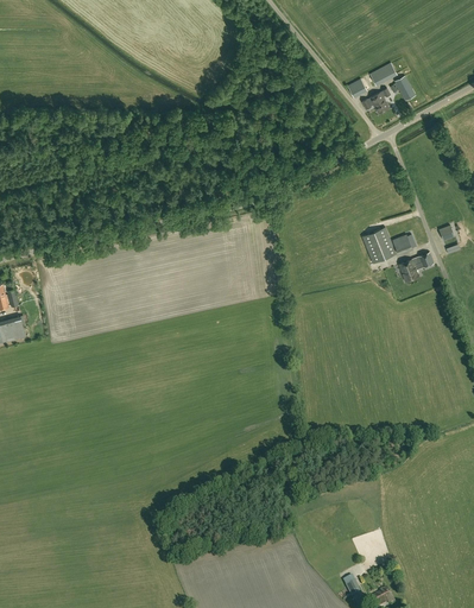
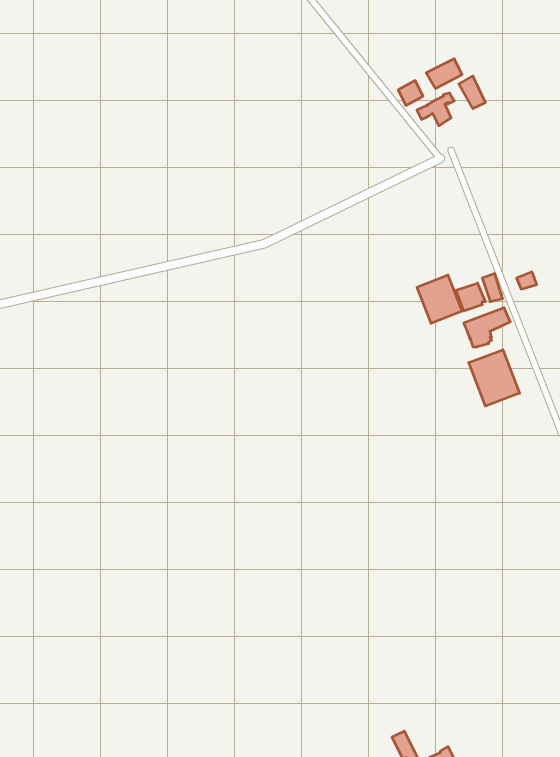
building: none -> [469,350,520,406]

